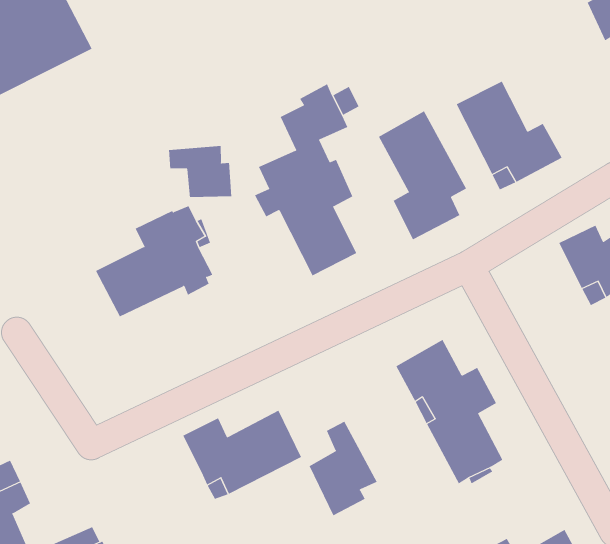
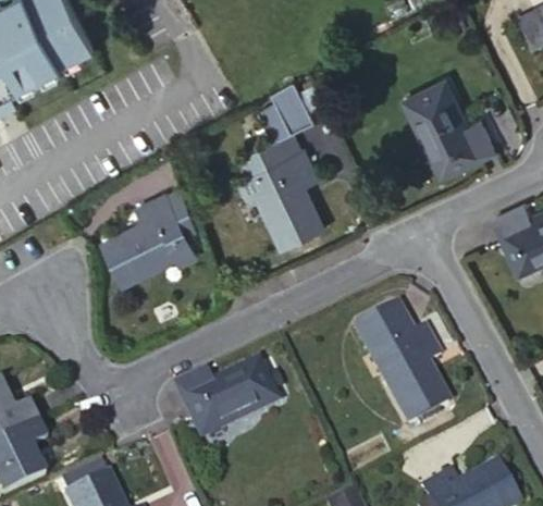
building: [378,111,467,240] -> none
building: [168,145,232,198] -> none
building: [309,421,378,516] -> none

